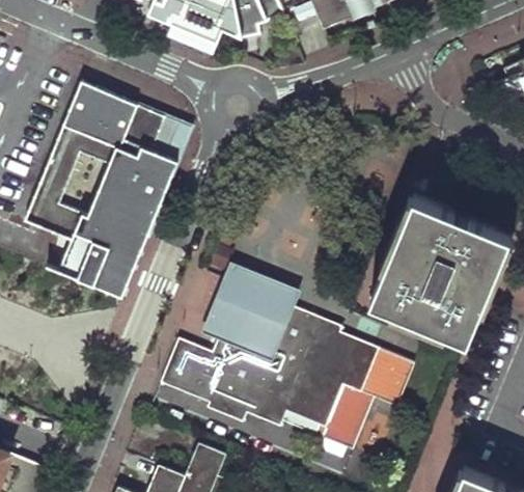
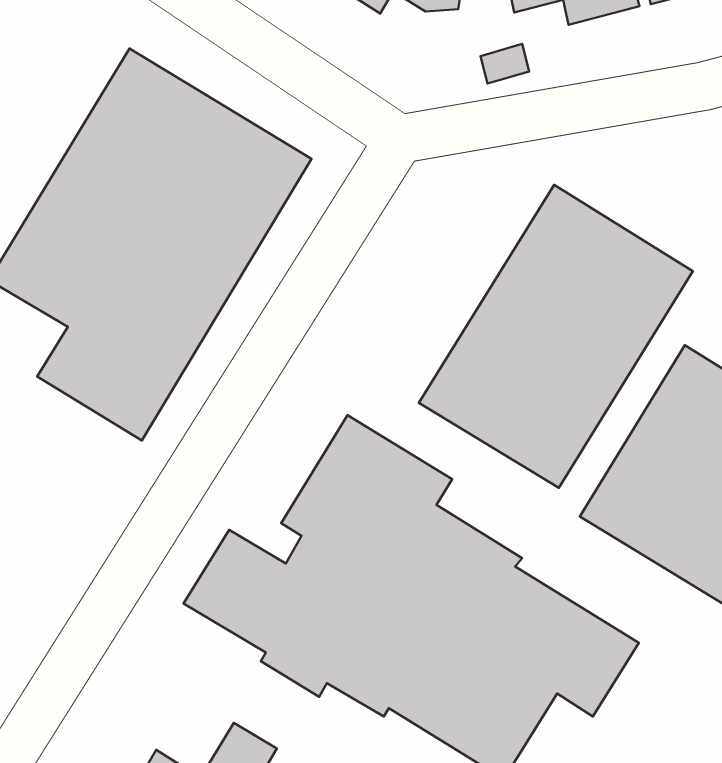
building: none -> [419,185,693,488]

